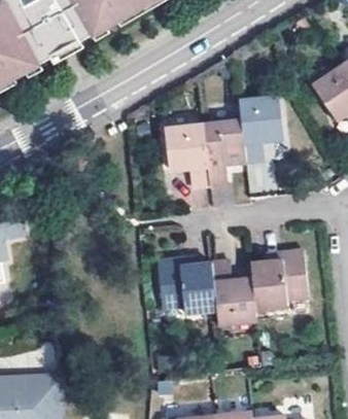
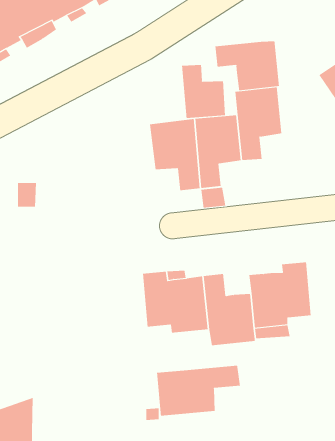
building: none -> [215,40,279,91]
building: none -> [182,64,225,119]
building: none -> [157,365,241,417]

